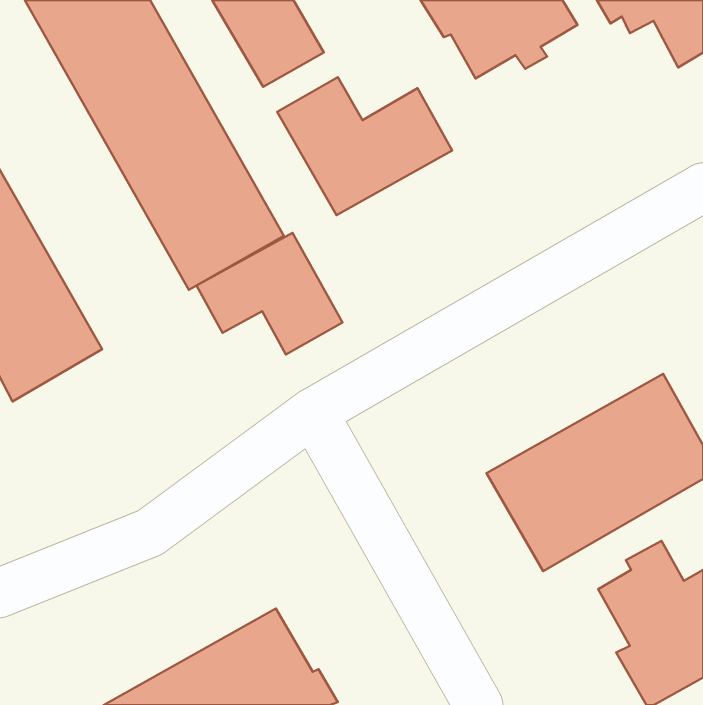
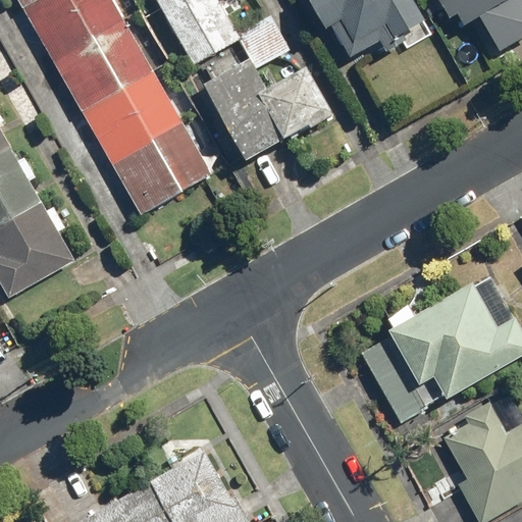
building: none -> [237,14,290,67]
building: [196,233,343,355] -> none

